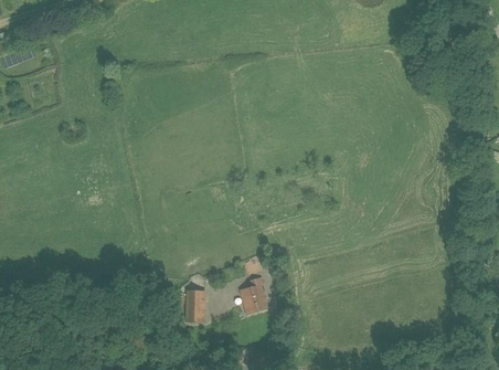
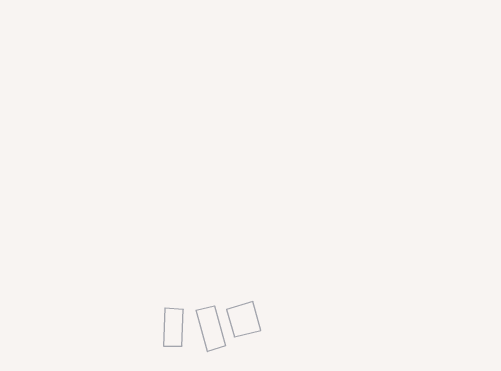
building: none -> [196,306,226,352]

